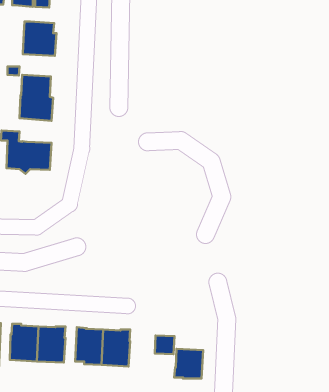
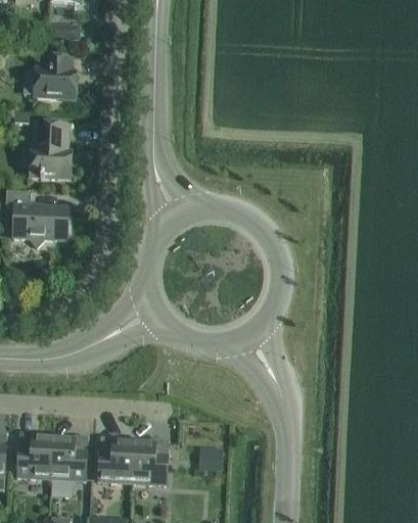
building: [174,349,203,379] -> none

